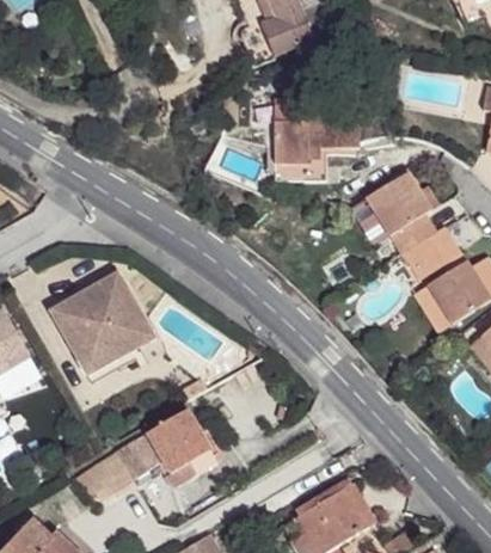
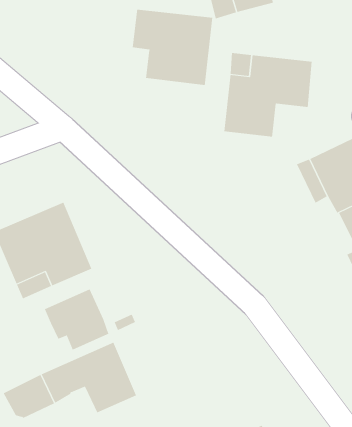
building: none -> [132,9,213,86]
building: none -> [44,289,109,350]

